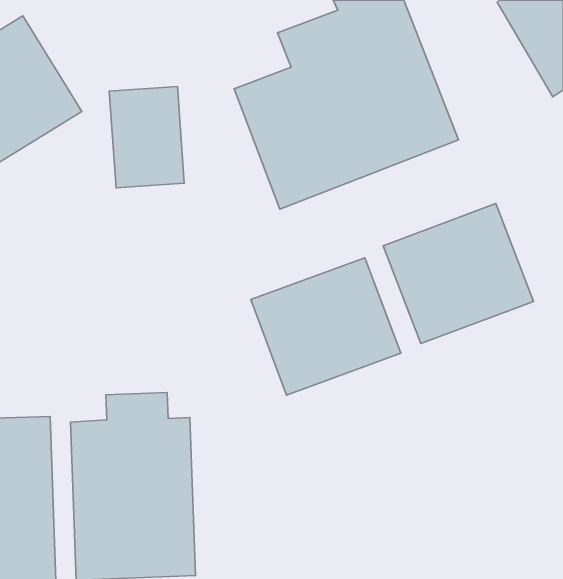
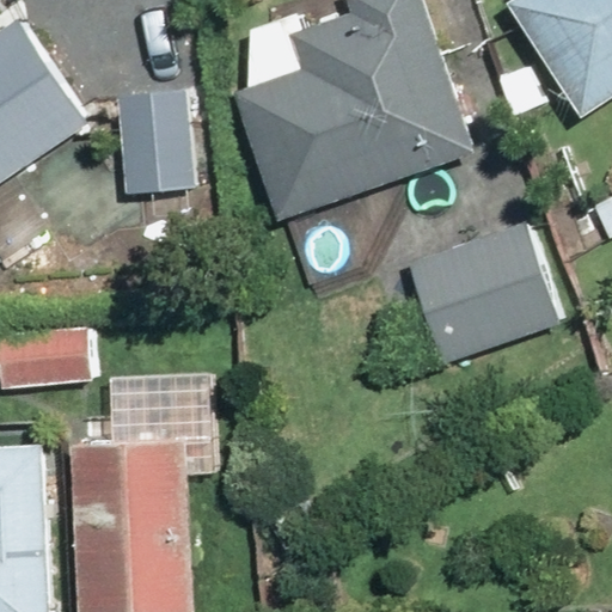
building: [251,258,401,395] -> none

